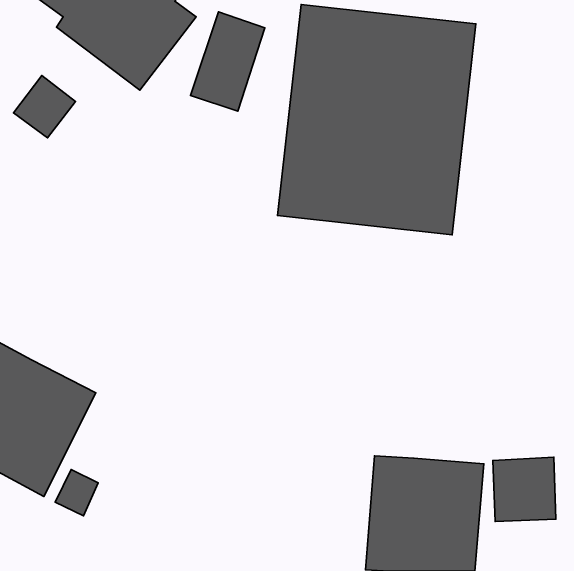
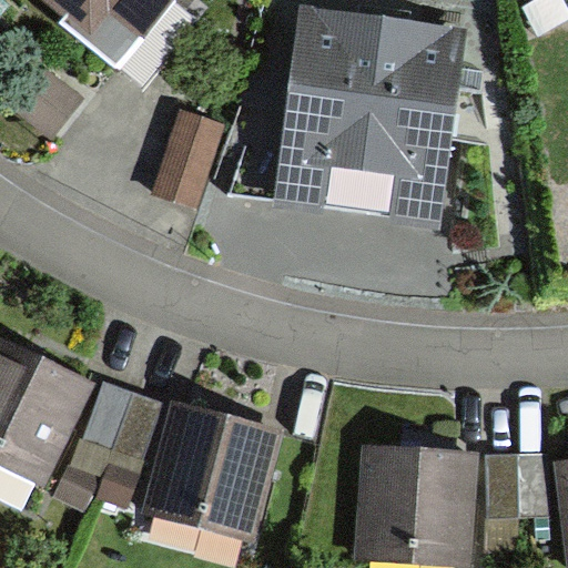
building: [190,12,265,111] -> [149,110,222,207]
building: none -> [81,377,161,456]
building: none -> [140,399,283,541]

